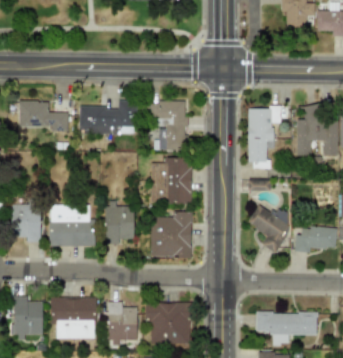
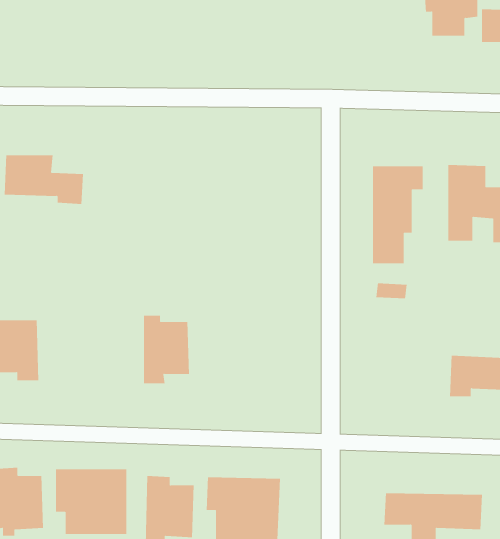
building: [79,99,136,134] -> none
building: [151,101,186,150] -> none
building: [150,160,191,202] -> none
building: [247,202,289,253] -> none
building: [49,206,95,246] -> none
building: [151,212,191,257] -> none

